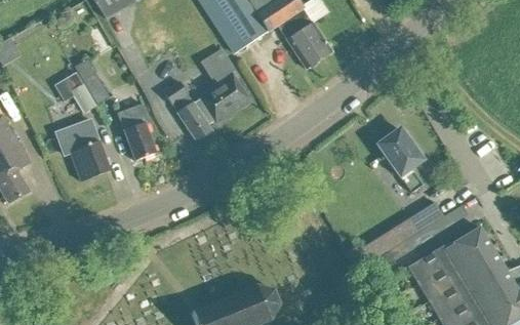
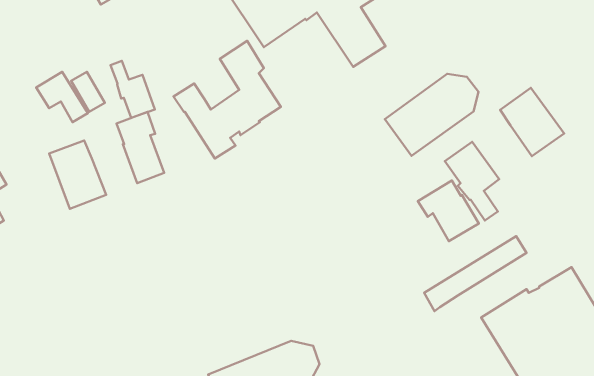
building: none -> [111,61,155,118]
building: none -> [385,74,479,156]
building: none -> [500,88,564,156]
building: none -> [418,181,479,241]

